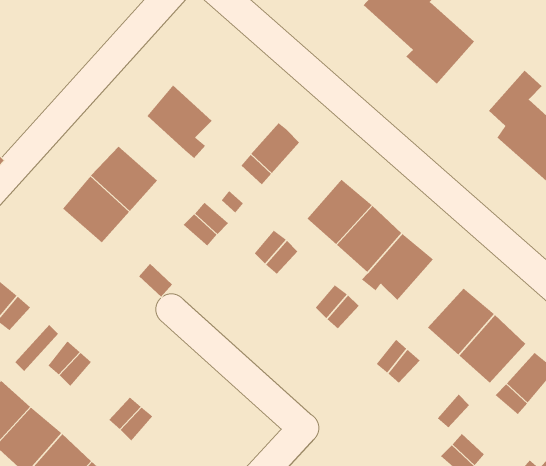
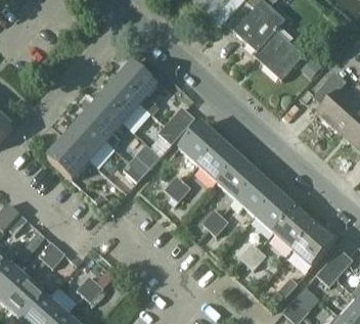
building: none -> [116,60,161,113]
building: none -> [82,99,123,144]
building: none -> [179,121,220,163]
building: none -> [255,188,296,230]

